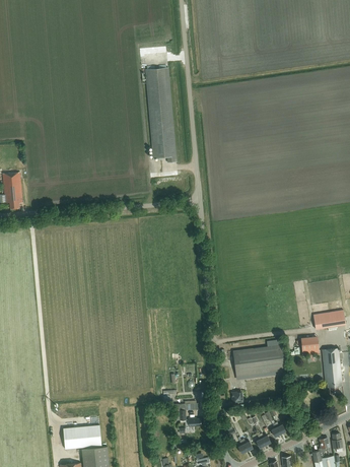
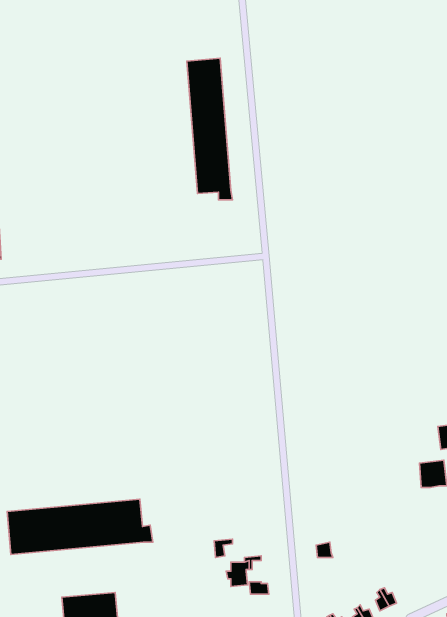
building: [232,339,286,376] -> none
building: none -> [7,499,153,554]

